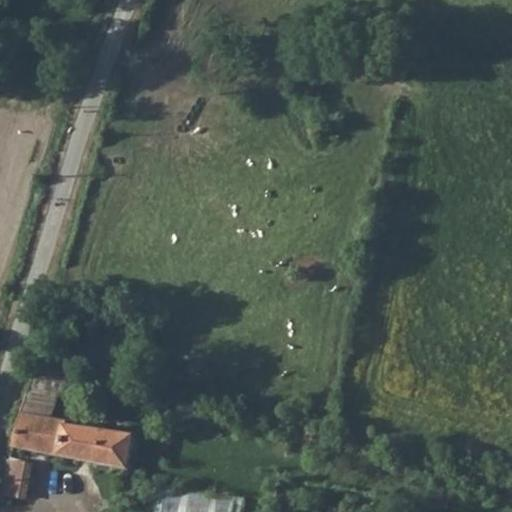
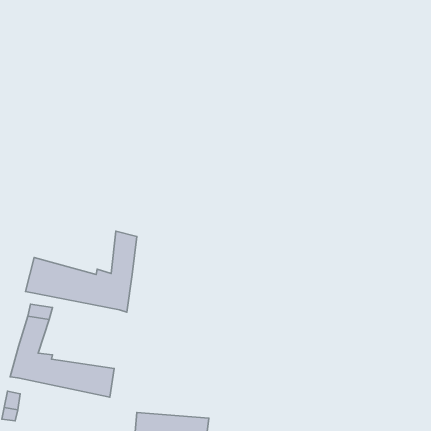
building: none -> [26,231,137,312]

